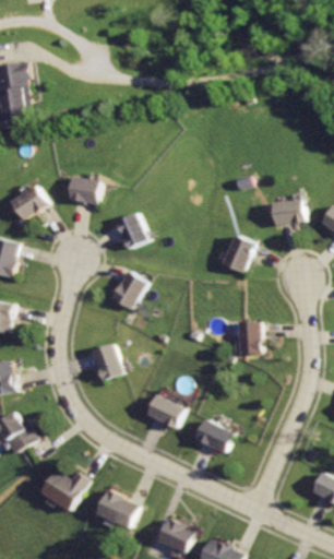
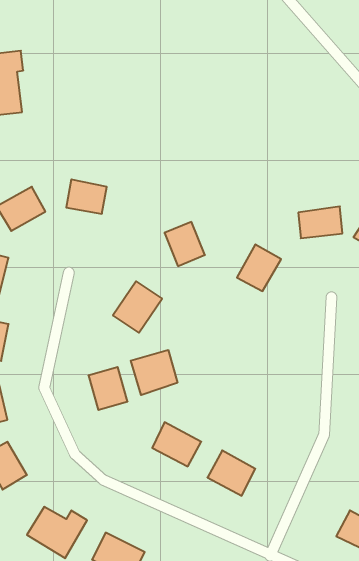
building: [116,211,152,250] -> [164,222,205,266]
building: [236,323,264,357] -> none
building: none -> [131,350,177,395]

